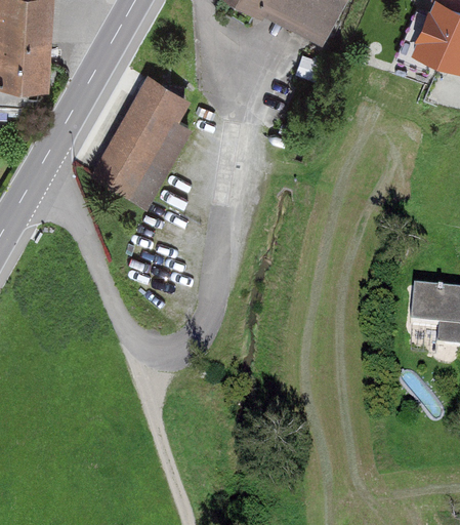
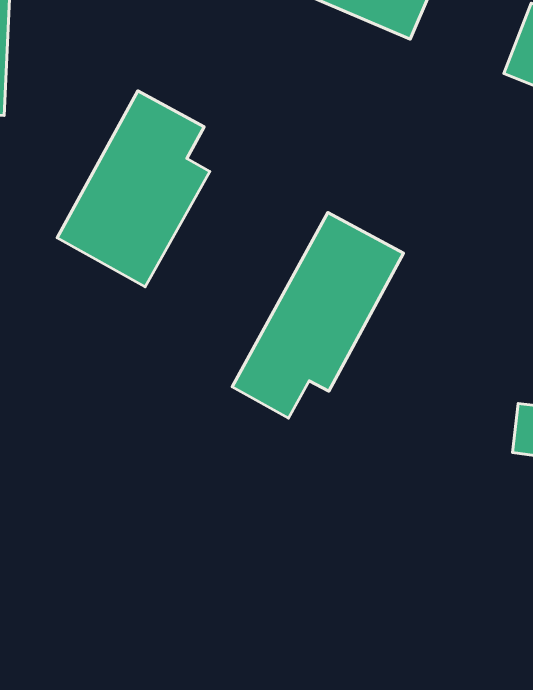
building: none -> [232,213,403,418]

